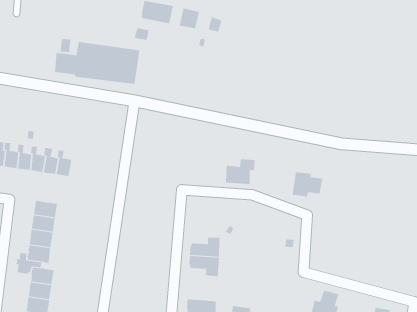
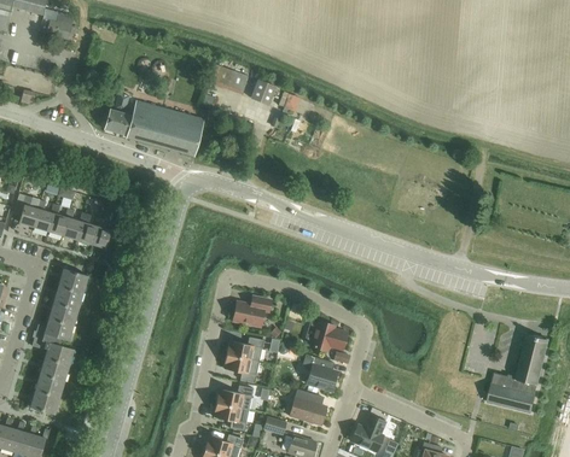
building: [225,159,256,185] -> [233,297,271,327]
building: [292,172,323,197] -> [310,321,348,351]
building: none -> [303,355,337,391]
building: none -> [290,391,327,426]
building: none -> [216,386,254,410]

